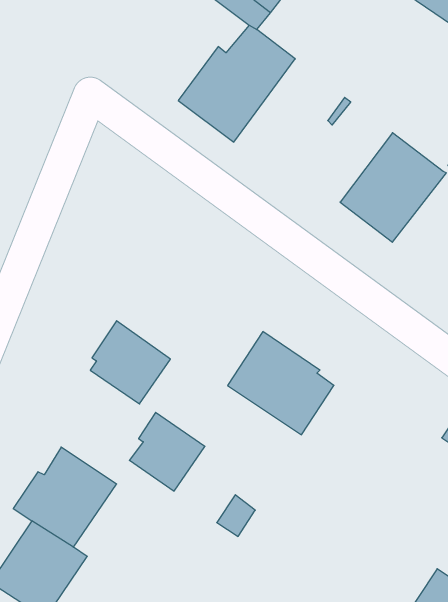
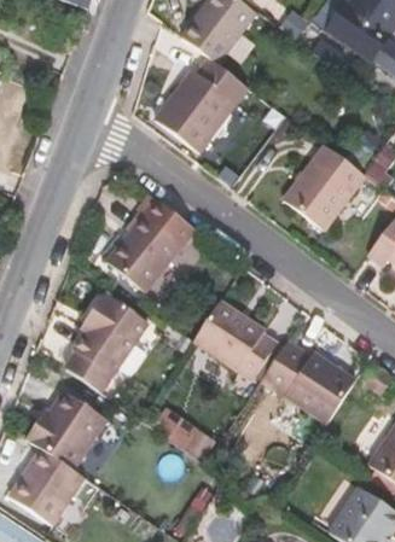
building: none -> [105,197,194,291]
building: none -> [262,339,356,422]
building: [129,412,205,491] -> [65,330,124,391]

